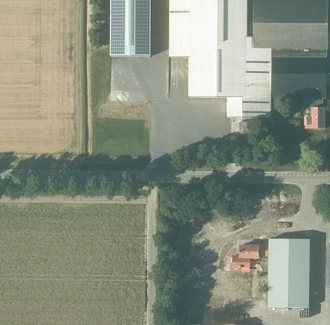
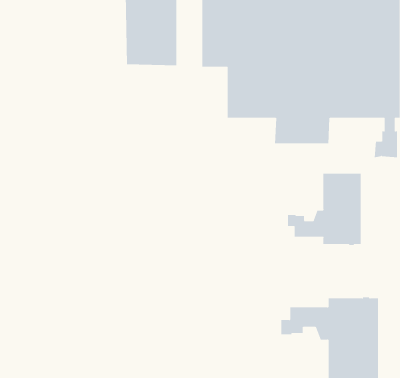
building: none -> [287,173,361,246]

